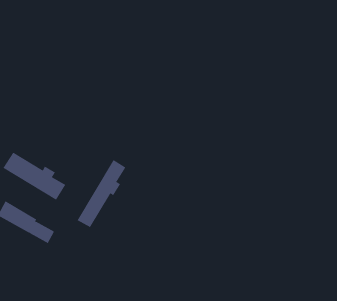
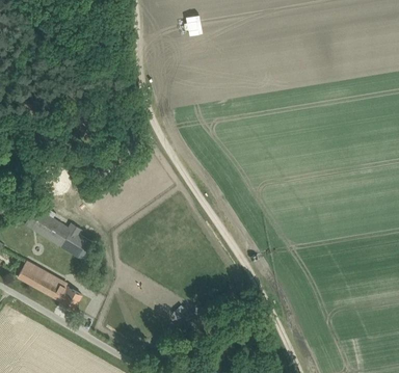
building: [77,159,126,228] -> none

